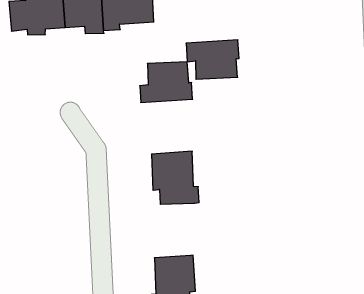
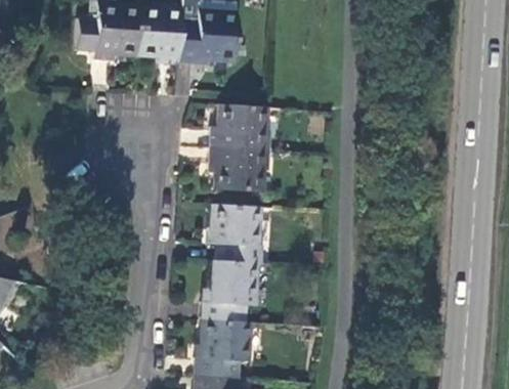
building: [186,40,239,79] -> [208,145,266,189]
building: none -> [201,260,255,320]

